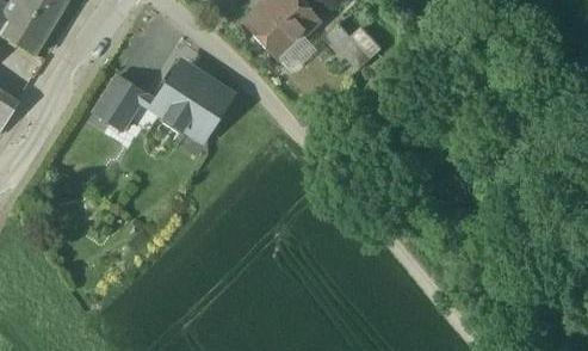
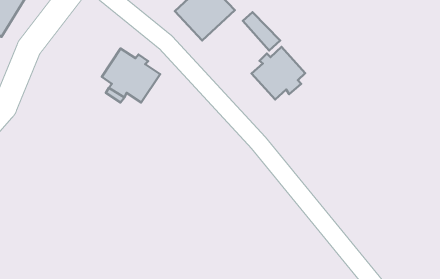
building: none -> [252,47,305,100]
building: [93,75,144,129] -> none

